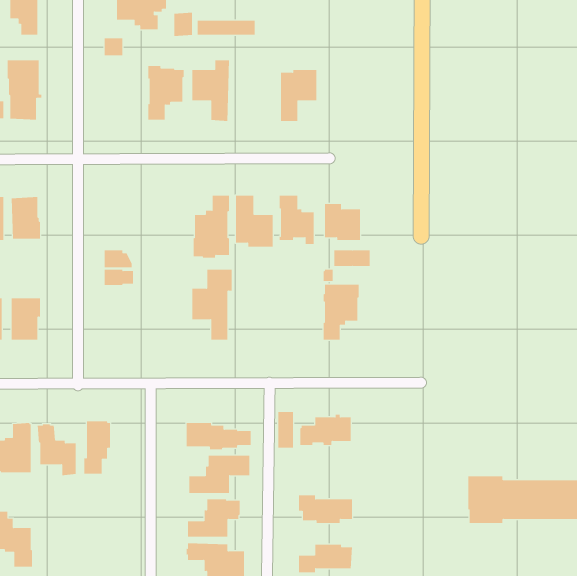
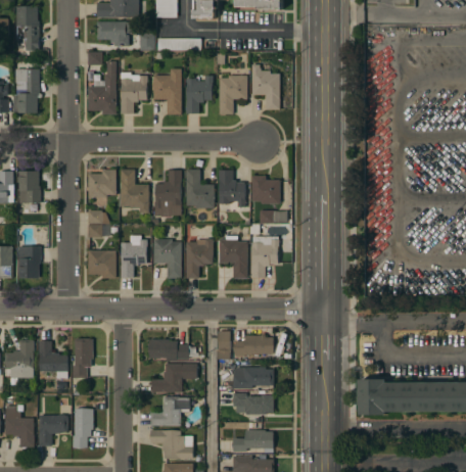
building: none -> [87,60,115,114]
building: none -> [251,64,279,109]
building: none -> [185,76,213,113]
building: none -> [87,170,115,197]
building: none -> [120,170,147,213]
building: none -> [120,235,146,278]
building: none -> [219,236,246,278]
building: none -> [185,237,212,278]
building: none -> [87,250,115,278]
building: none -> [232,367,273,388]
building: none -> [72,409,92,447]
building: none -> [38,415,67,445]

